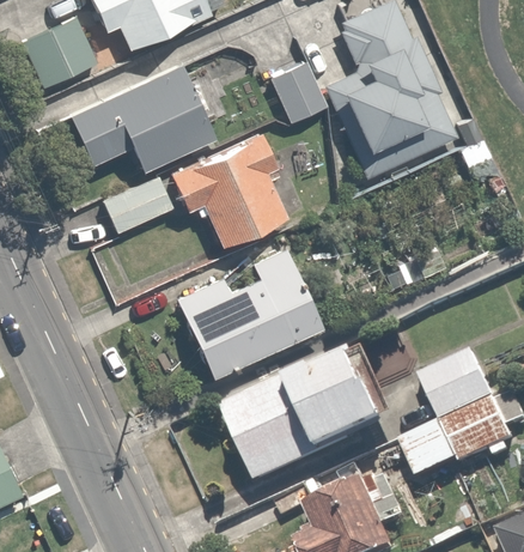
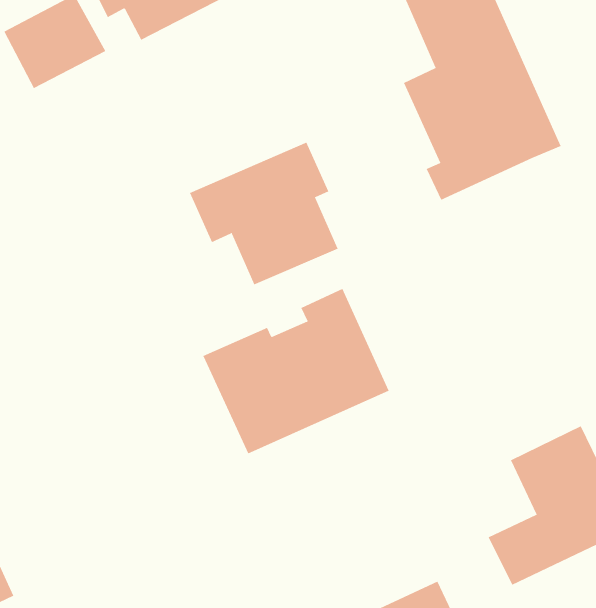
building: [269,63,327,123] -> none
building: [68,65,212,172] -> none
building: [104,172,173,232] -> none
building: [223,362,383,489] -> none

